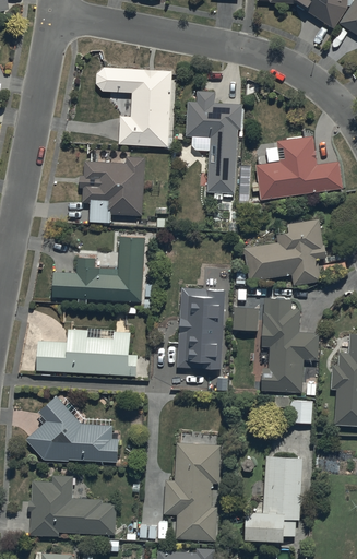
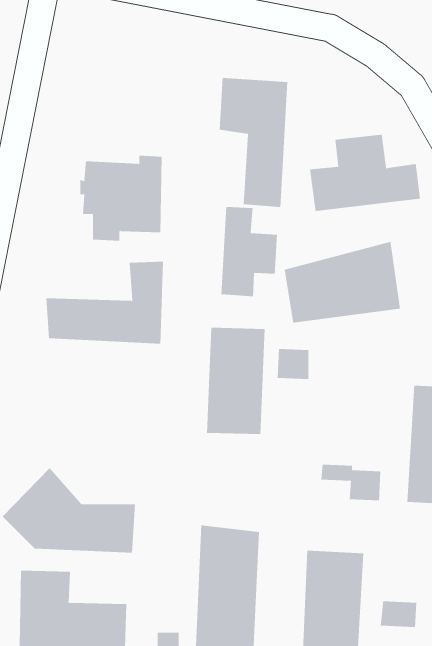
building: [96,68,172,146] -> none
building: none -> [221,206,277,297]
building: [261,299,307,390] -> none
building: [33,329,136,374] -> none
building: none -> [380,600,417,628]

